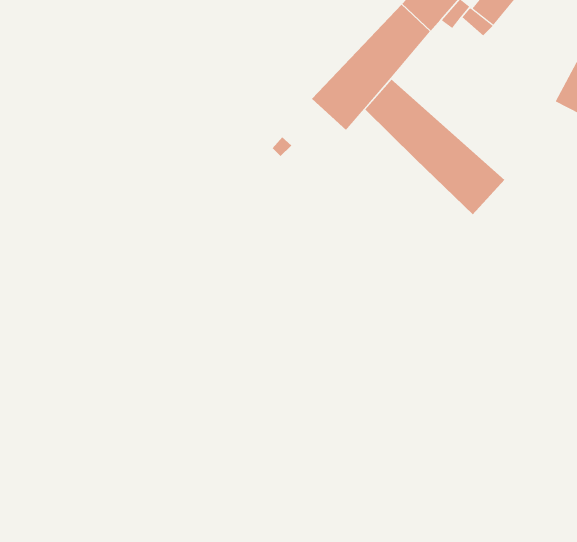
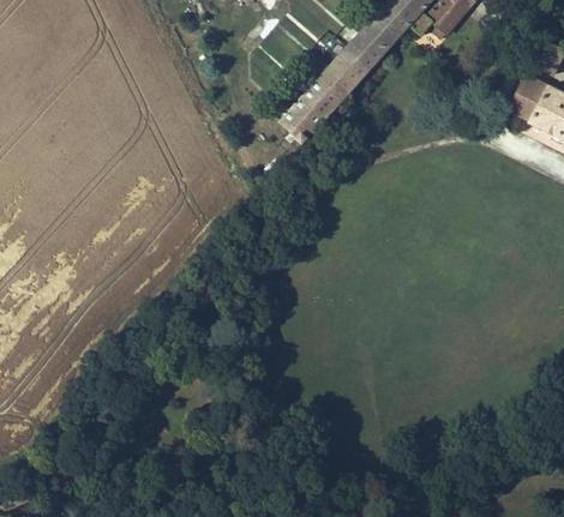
building: [364,79,505,215] -> none
building: none -> [281,101,324,145]

